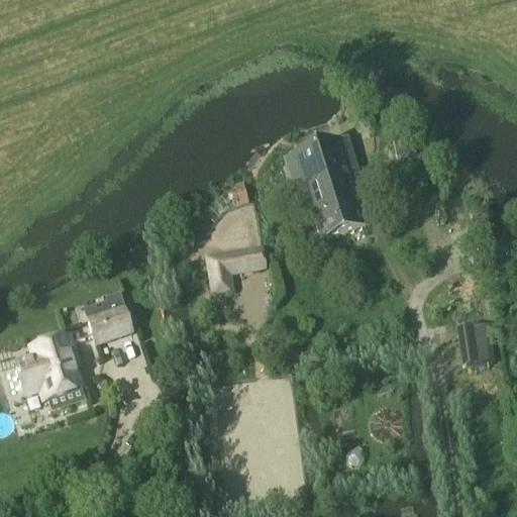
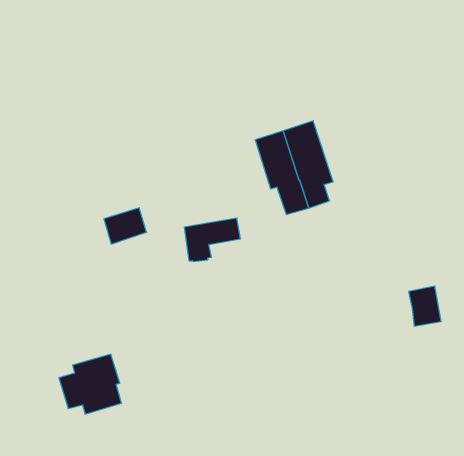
building: [86,303,133,343] -> [104,208,147,244]
building: [13,332,83,399] -> [59,354,122,414]

